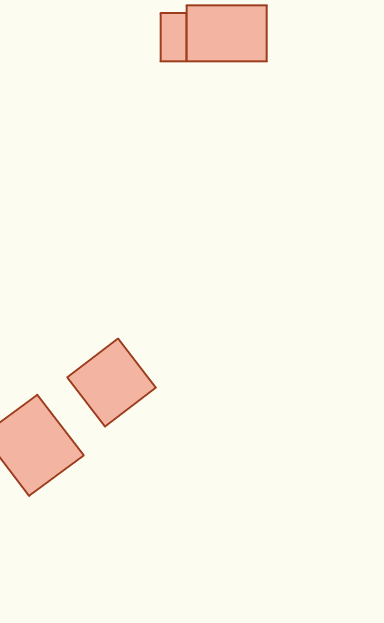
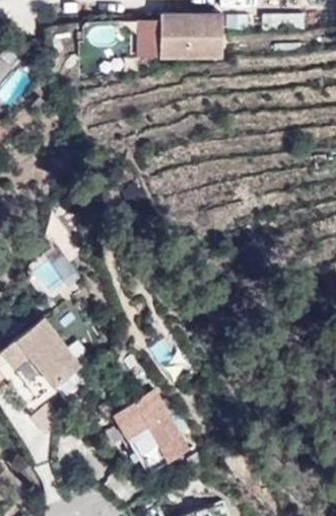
building: [67,339,156,427] -> none
building: none -> [112,389,188,473]

